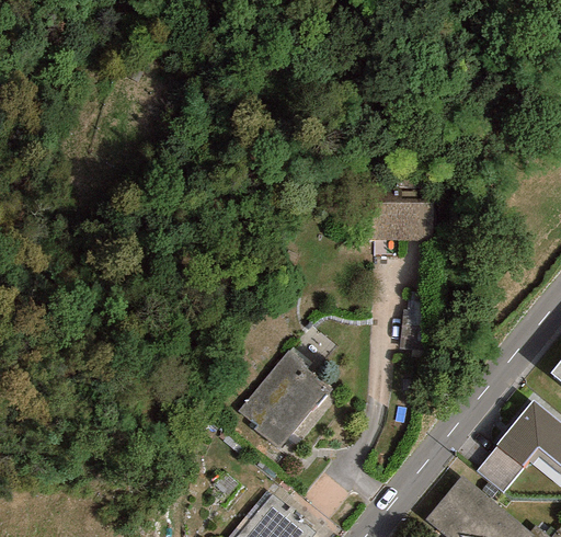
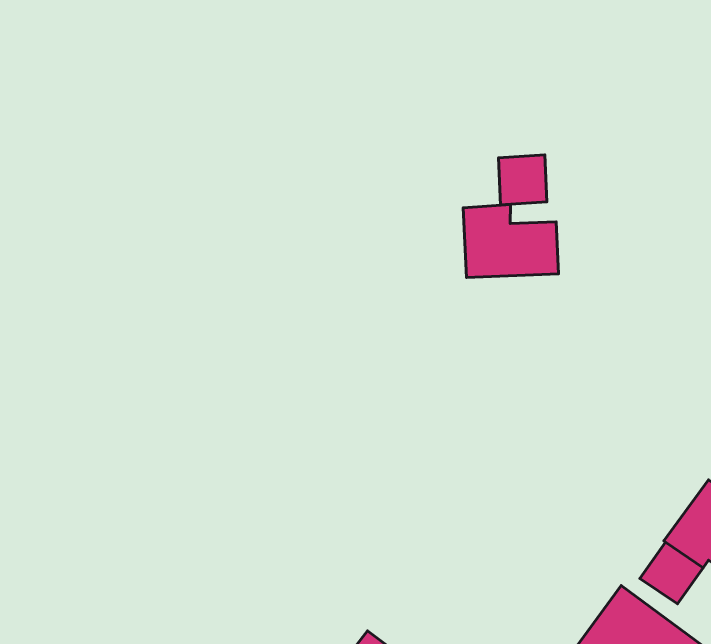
building: none -> [499,155,547,205]
building: [239,350,330,449] -> none

